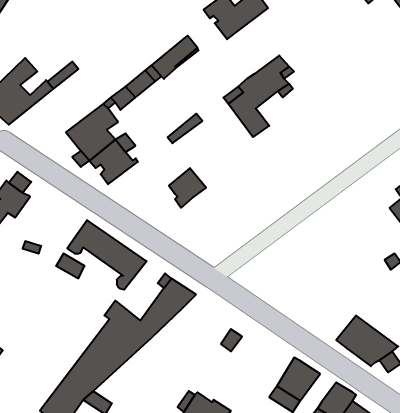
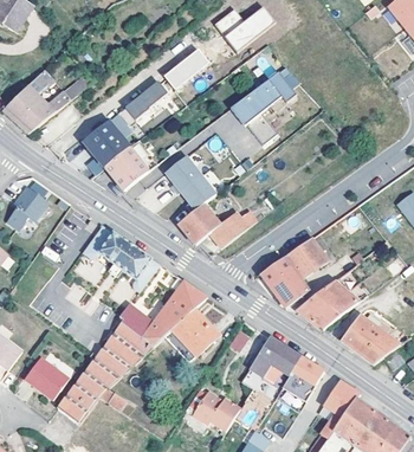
building: none -> [164,156,200,194]
building: none -> [177,204,247,247]
building: none -> [259,239,325,308]
building: none -> [295,270,368,330]
building: none -> [163,309,216,362]
building: none -> [250,336,299,381]
building: none -> [24,356,67,399]

